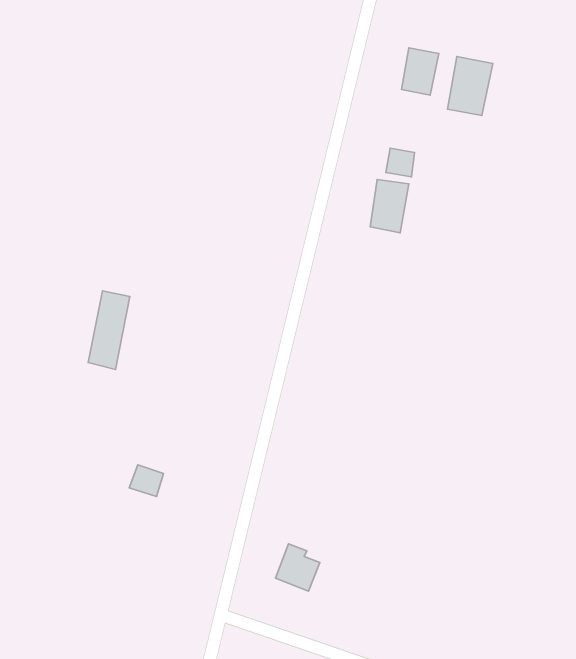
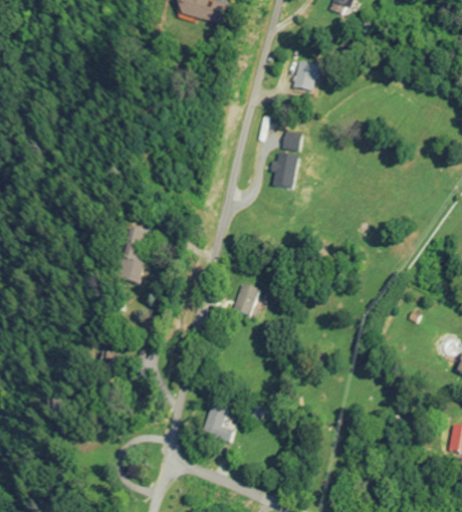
building: [448,56,493,115] -> none
building: [88,291,130,370] -> [121,229,150,284]
building: none -> [232,282,259,316]

